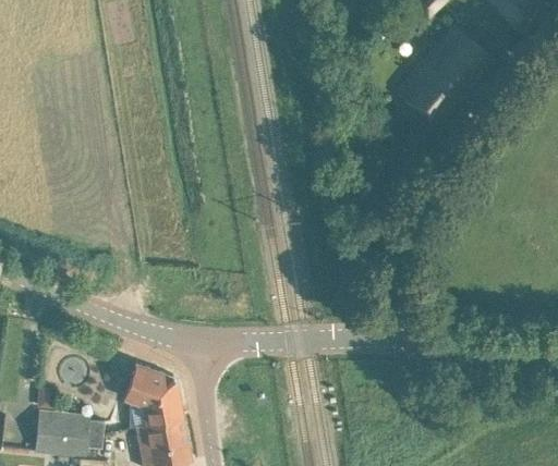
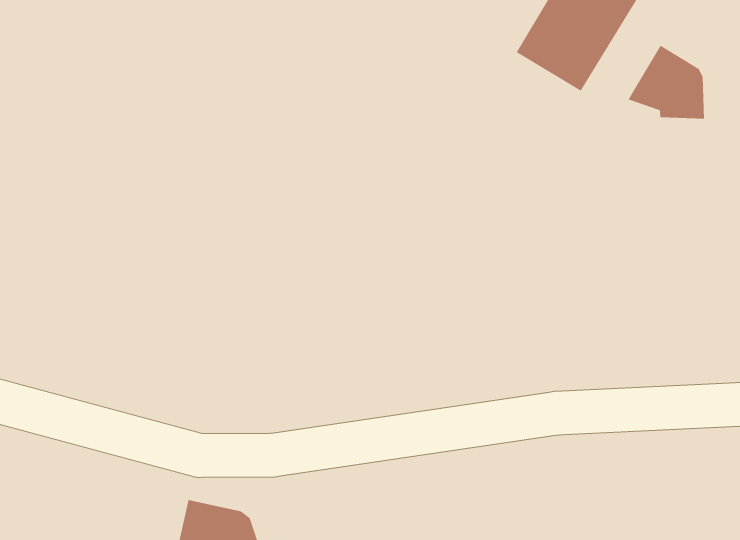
building: none -> [628,45,705,119]

